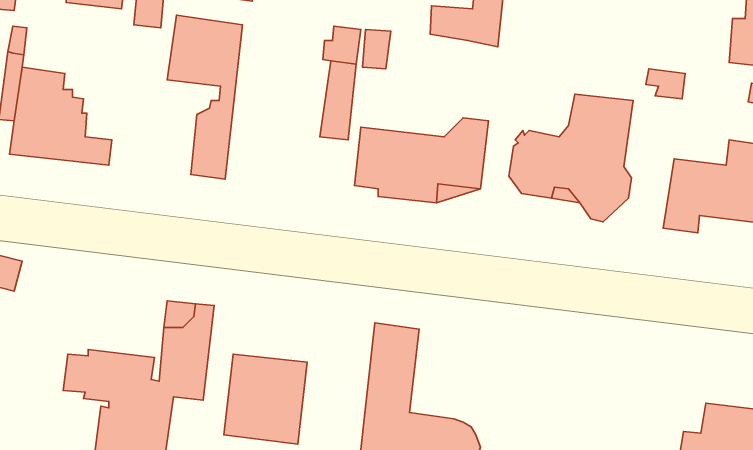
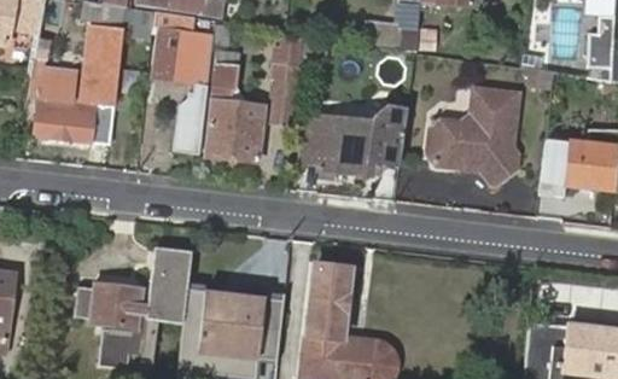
building: none -> [83,27,122,124]
building: none -> [205,66,264,163]

